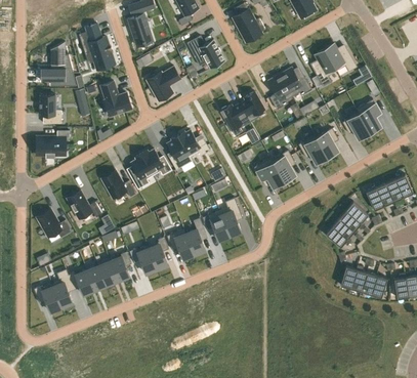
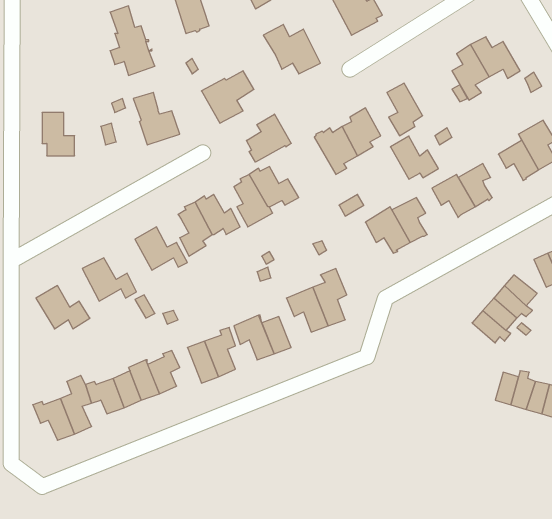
building: [40,41,75,86] -> none
building: [280,68,311,96] -> [390,136,438,179]
building: none -> [246,114,291,162]
building: [36,130,69,157] -> none

